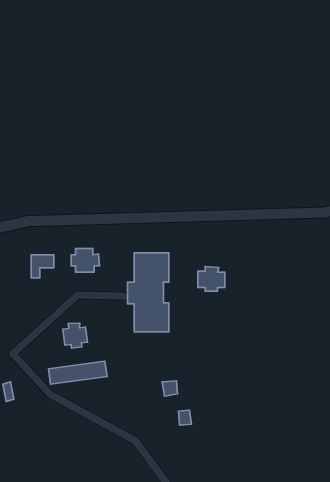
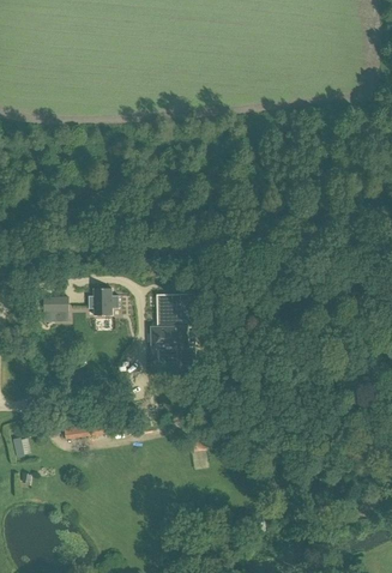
building: [198,266,225,291] -> none
building: [63,323,88,348] -> none

